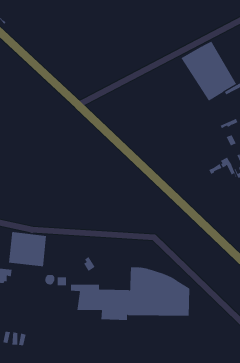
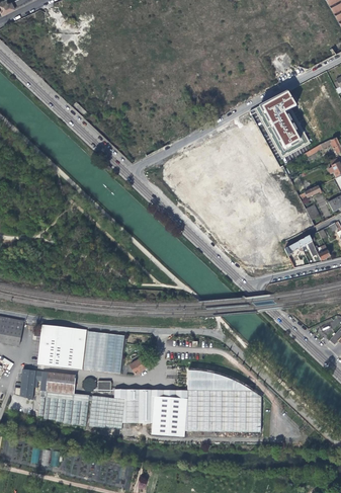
building: none -> [84,330,124,373]
building: none -> [44,372,125,429]

